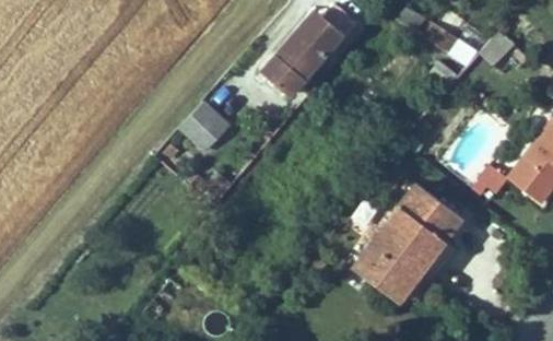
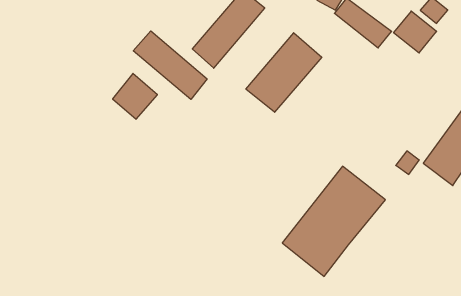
building: none -> [133,31,207,99]
building: none -> [246,33,322,112]

